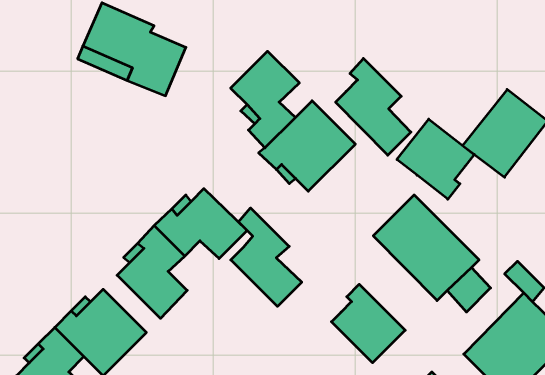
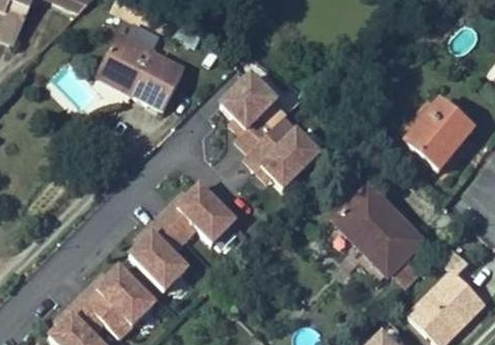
building: [336,58,411,155] -> none
building: [397,119,474,199] -> none
building: [231,208,302,306] -> none
building: [331,284,405,363] -> none

